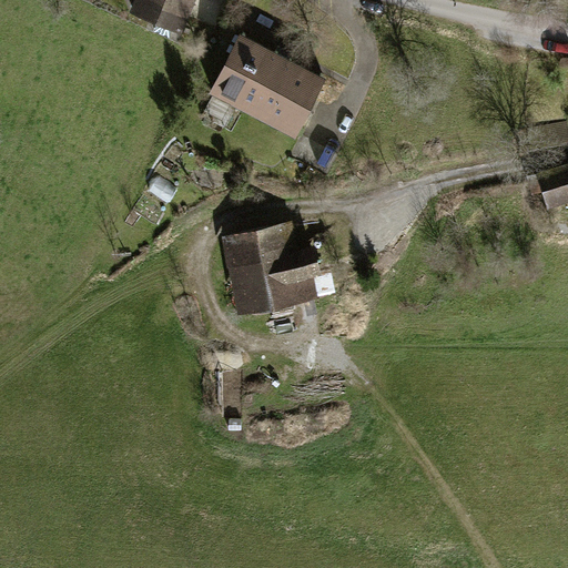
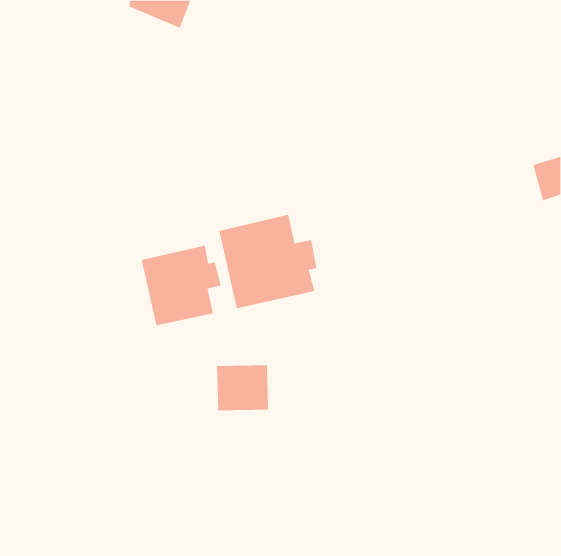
building: [209,33,325,136] -> none
building: none -> [141,245,221,326]

